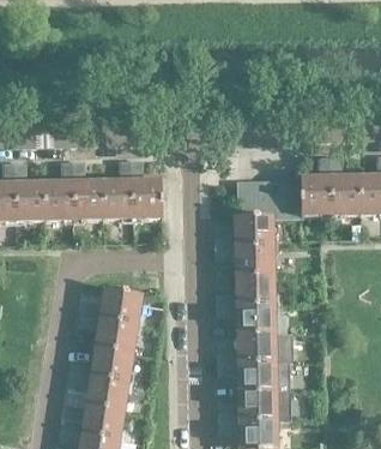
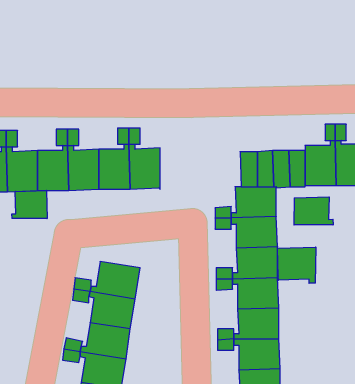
building: none -> [12,190,47,219]
building: none -> [294,197,333,225]
building: none -> [278,247,316,283]

